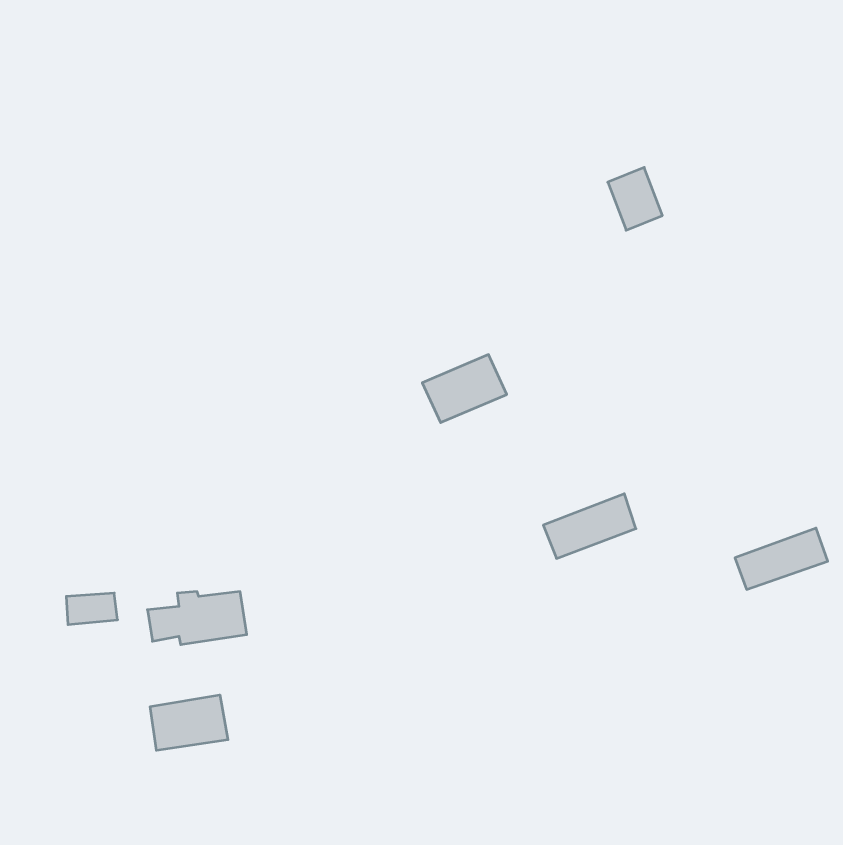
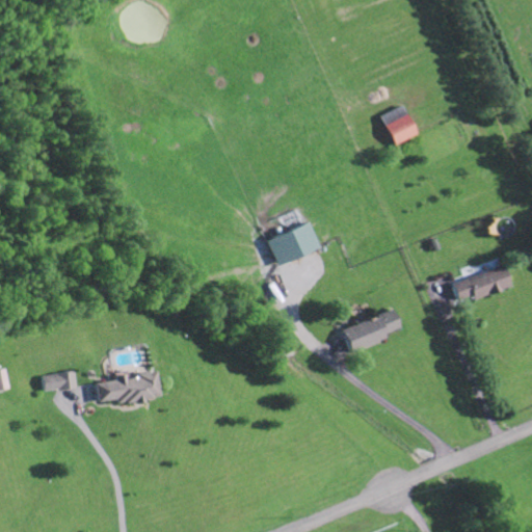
building: [735,528,828,589] -> [454,265,512,303]
building: [150,695,228,750] -> none

